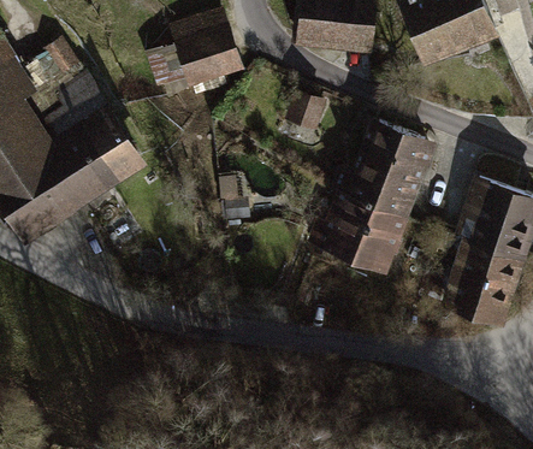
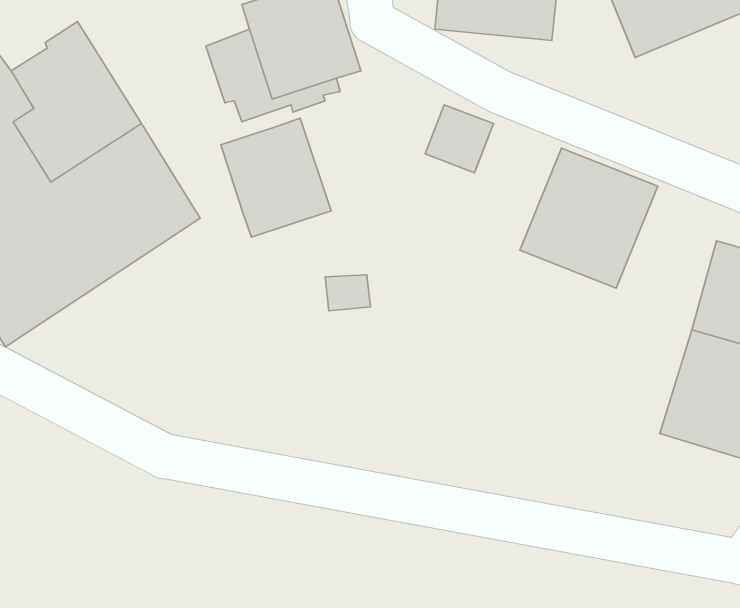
building: none -> [221,118,331,237]
building: [321,185,409,274] -> none

